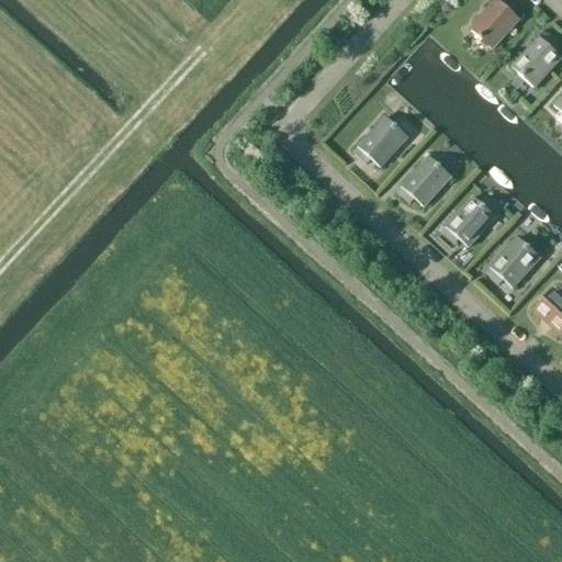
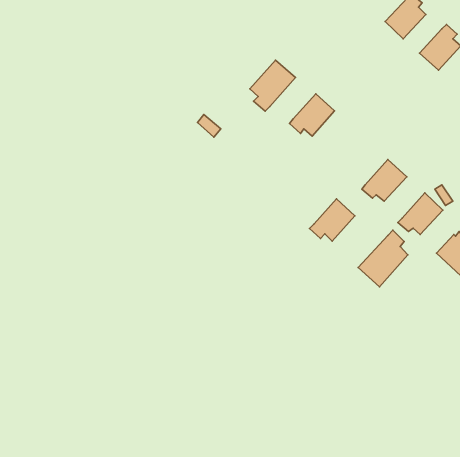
building: none -> [250,60,296,111]
building: [396,154,451,205] -> [310,199,355,241]
building: none -> [358,230,408,287]

